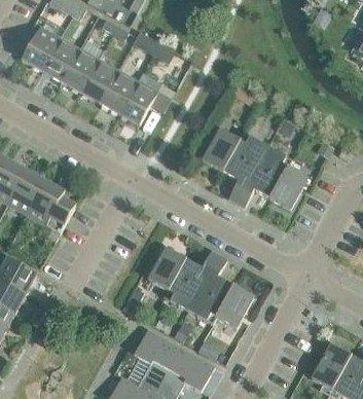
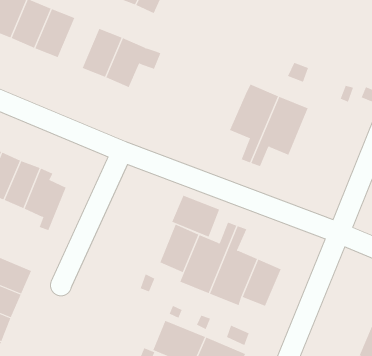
building: [80,59,118,103] -> none
building: [202,129,240,171] -> none
building: [270,167,307,209] -> none
building: none -> [171,195,220,238]

